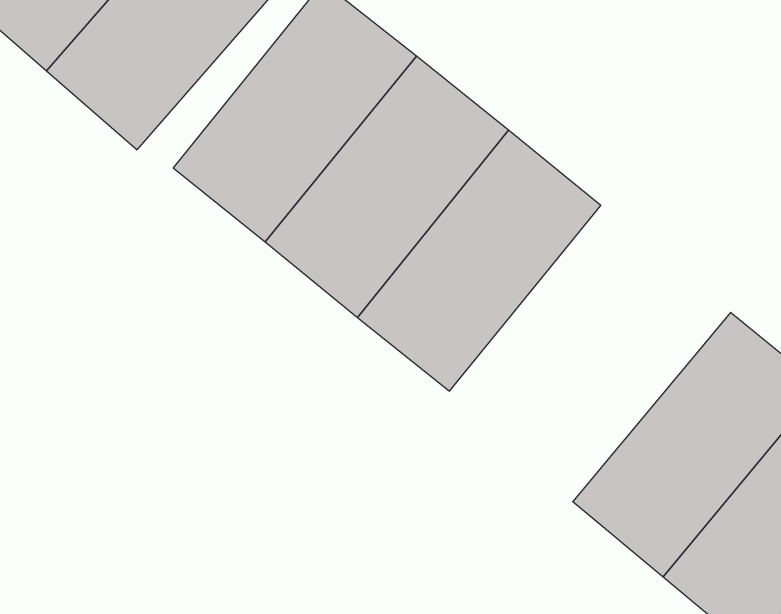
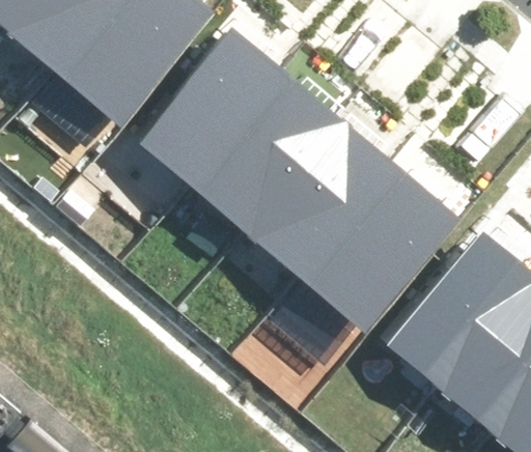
building: none -> [308,164,462,328]

